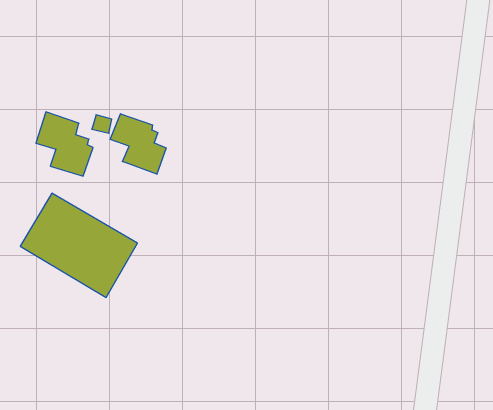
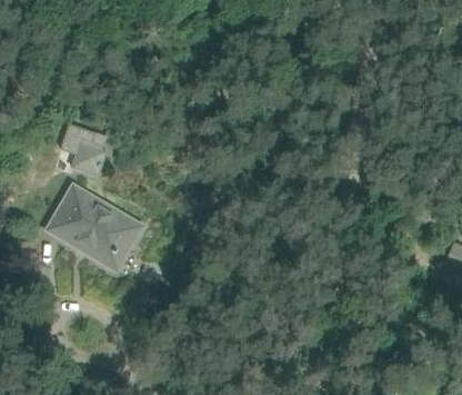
building: [110,114,166,174] -> none

